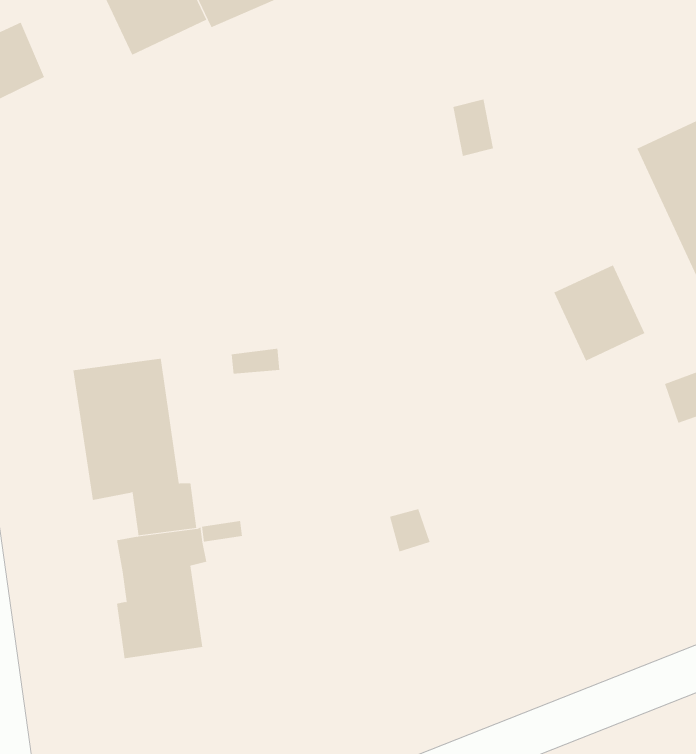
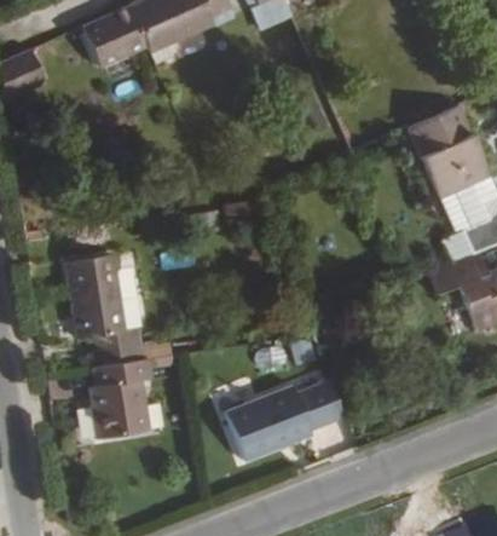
building: [554,264,645,361] -> none
building: none -> [225,377,342,455]

